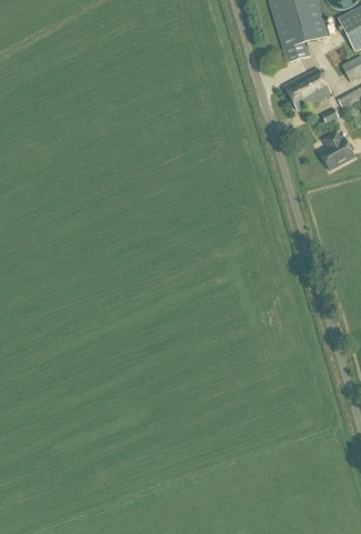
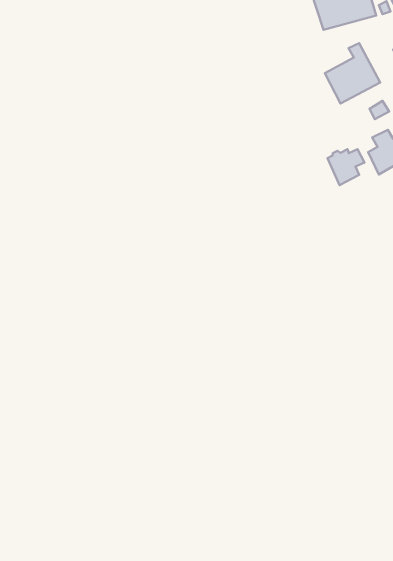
building: none -> [328,149,364,185]

